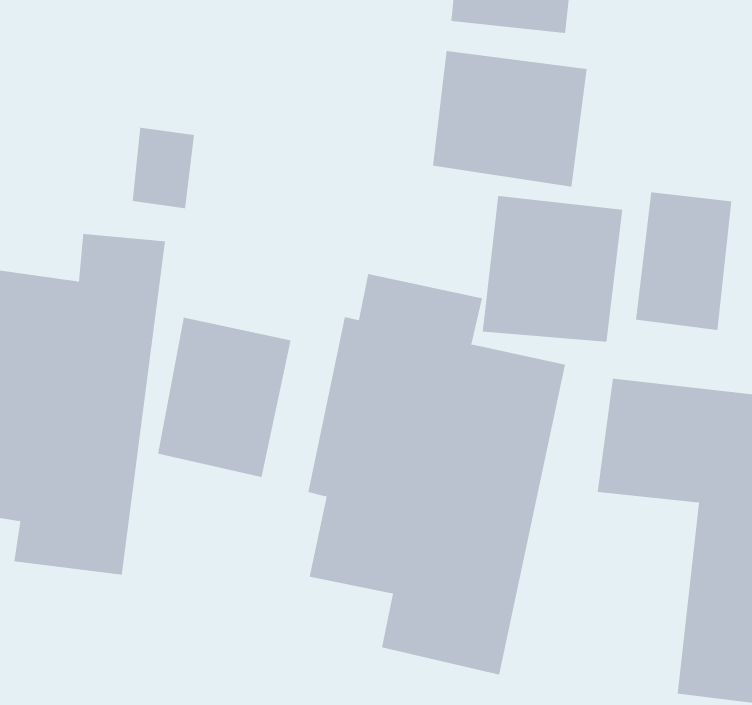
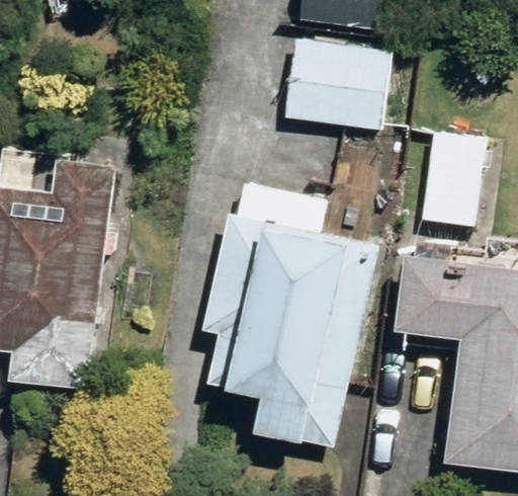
building: [482,195,623,343] -> none
building: [157,317,291,478] -> none

